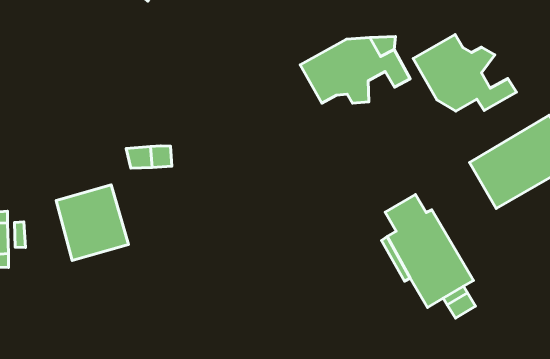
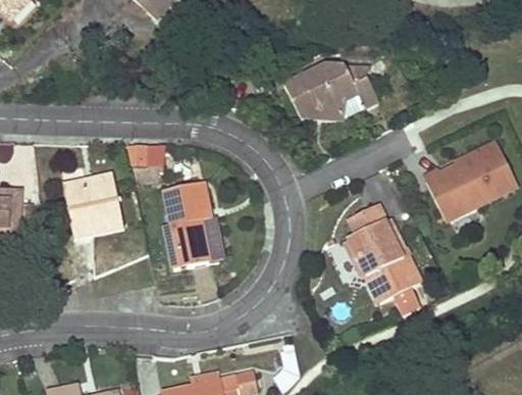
building: [413,34,516,111] -> none
building: none -> [163,181,225,268]

